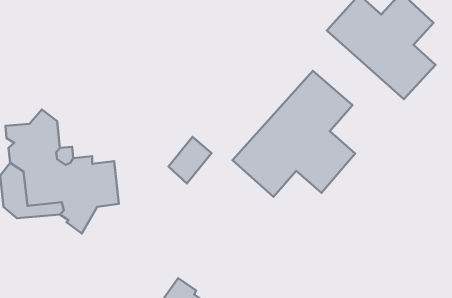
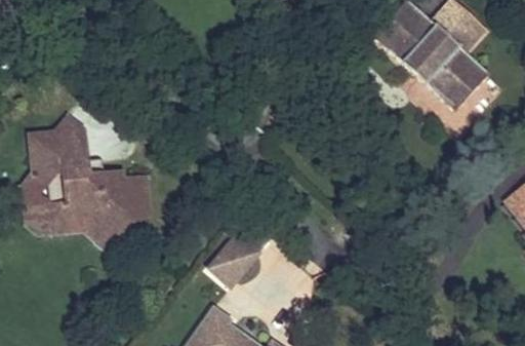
building: [232,71,355,197] -> none
building: [169,137,212,183] -> [211,233,257,283]

